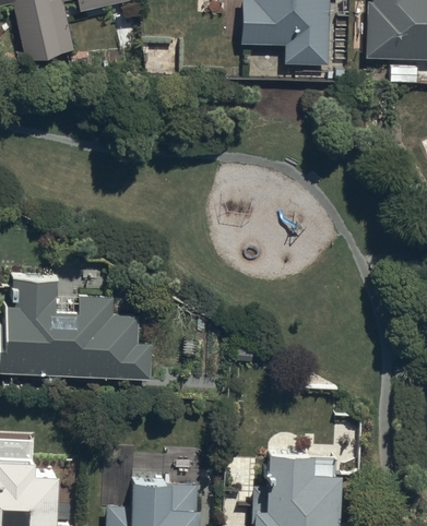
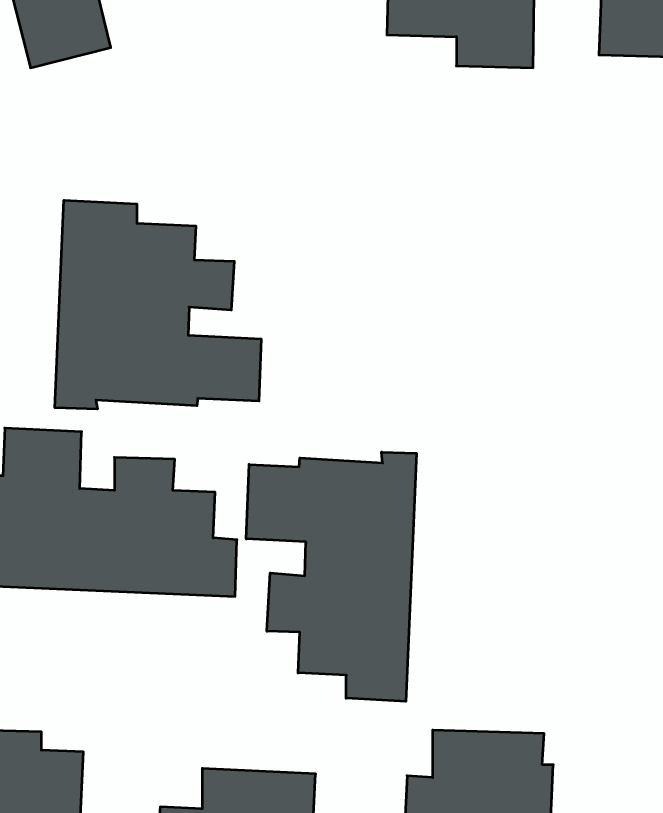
building: none -> [55,200,261,409]
building: none -> [246,452,416,701]

